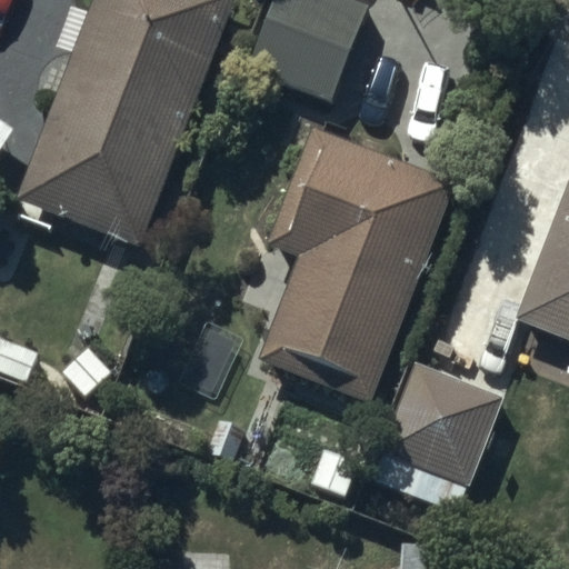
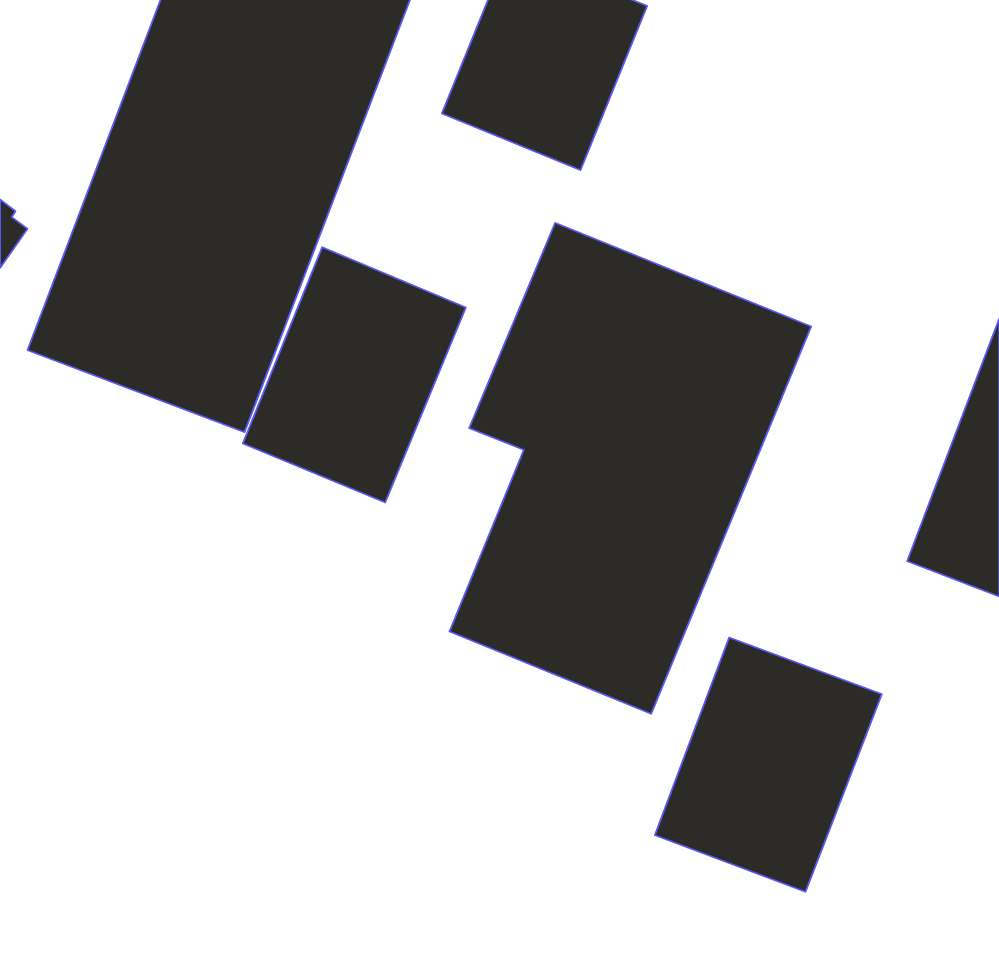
building: none -> [243,247,466,502]

